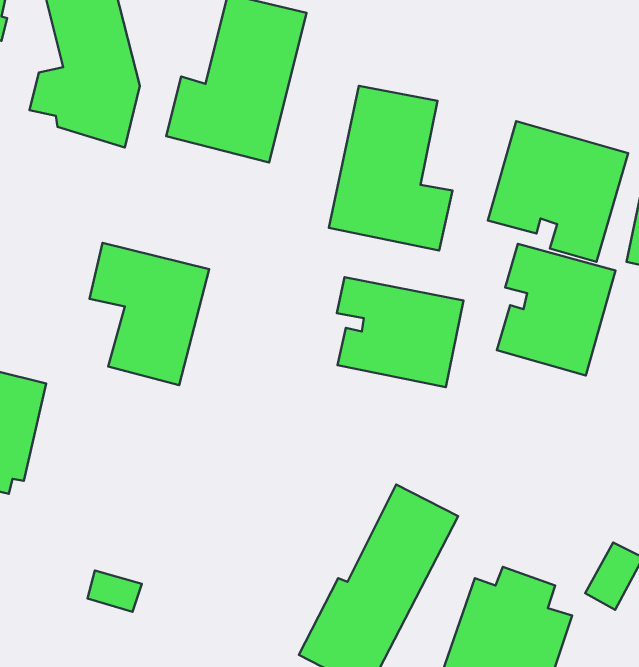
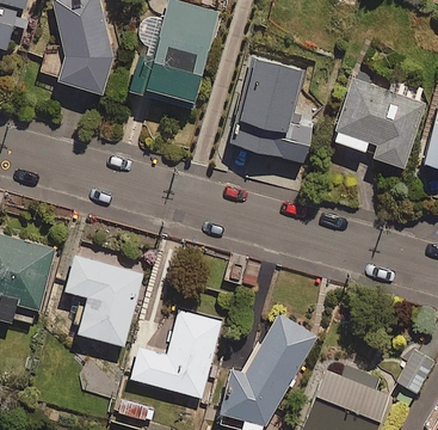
building: [89,243,209,385] -> [66,256,142,346]
building: [497,244,616,375] -> none
building: [337,277,464,387] -> none
building: none -> [130,306,218,397]

